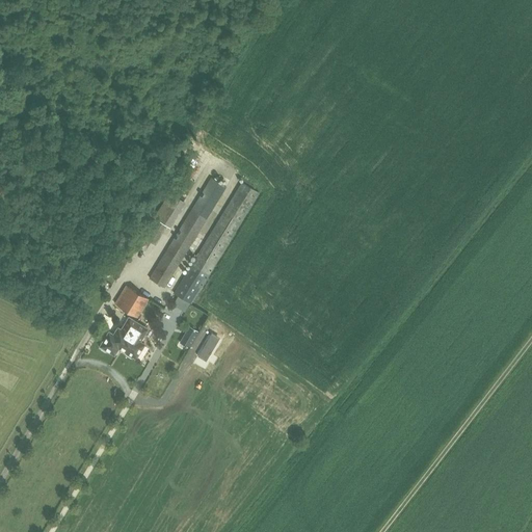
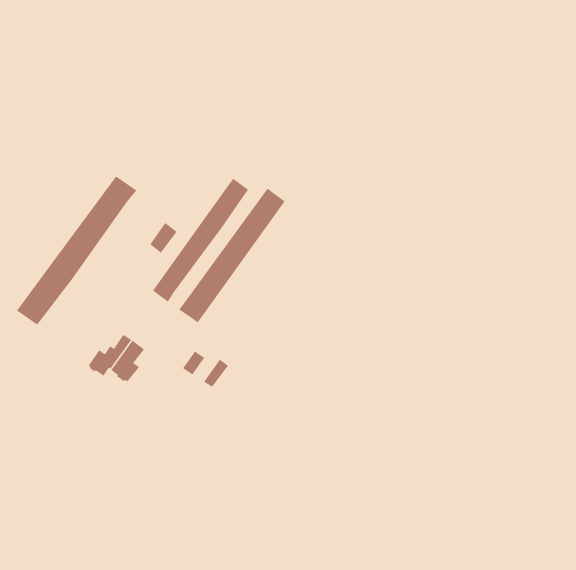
building: none -> [16,176,137,325]
building: [115,285,148,316] -> none

